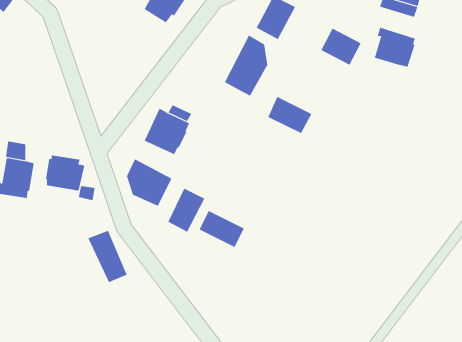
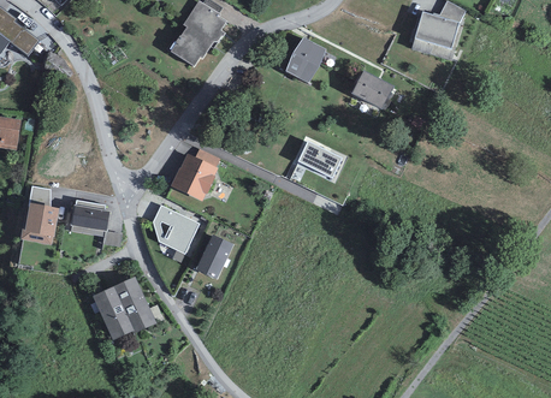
building: [374,27,416,67] -> none
building: [224,35,268,96] -> none
building: [199,210,245,248] -> none
building: none -> [93,285,135,340]

